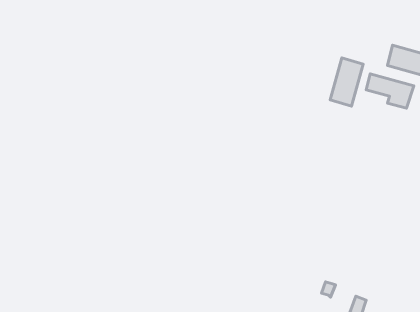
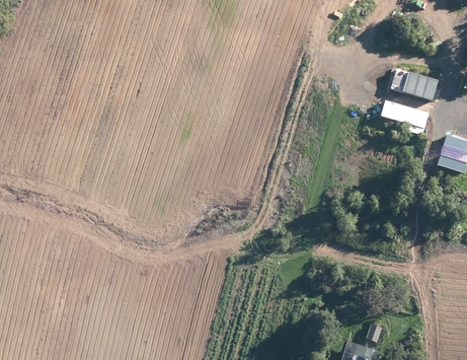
building: [330,58,363,106] -> none

